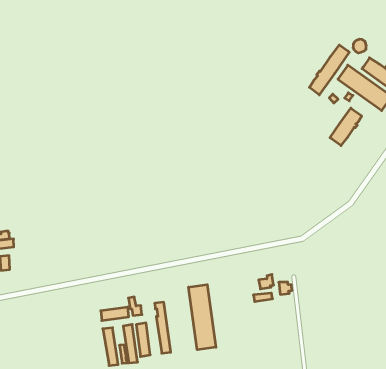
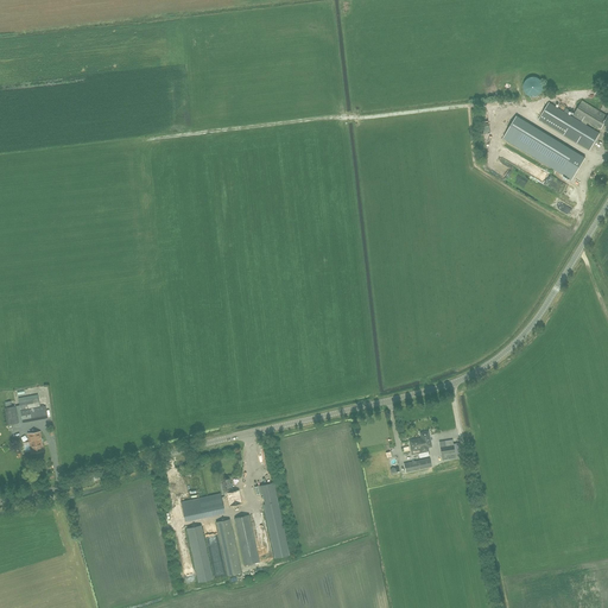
building: [309,45,349,95] -> none
building: [330,108,362,146] -> none
building: [189,285,216,350] -> none

